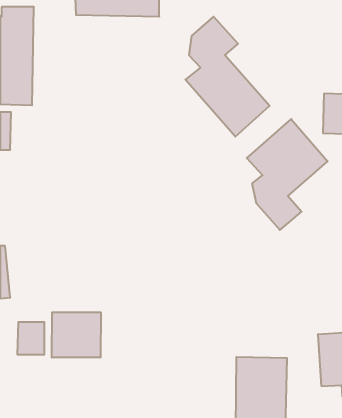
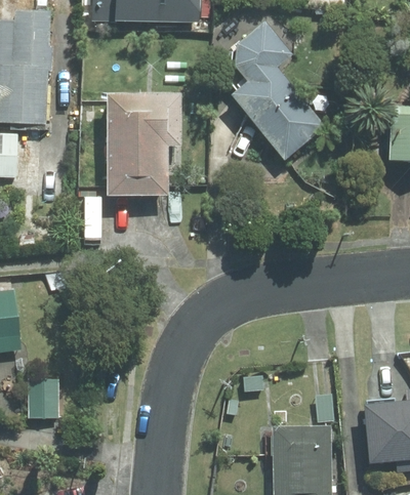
building: none -> [98,94,173,197]
building: [247,119,328,230] -> none
building: [52,312,101,358] -> none

